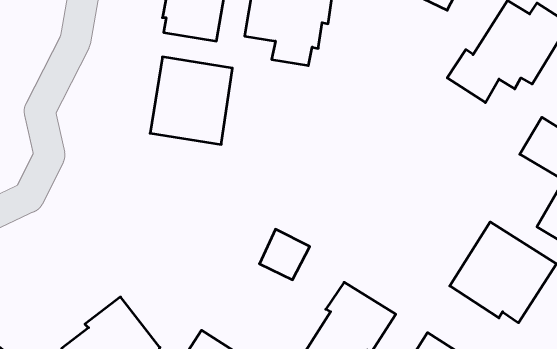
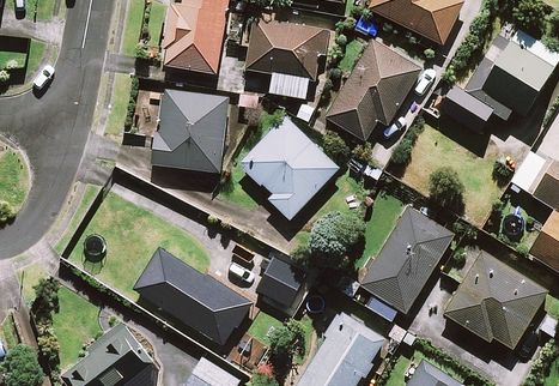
building: none -> [316,40,420,140]
building: none -> [241,117,339,219]
building: none -> [360,204,455,312]
building: none -> [134,247,251,346]

